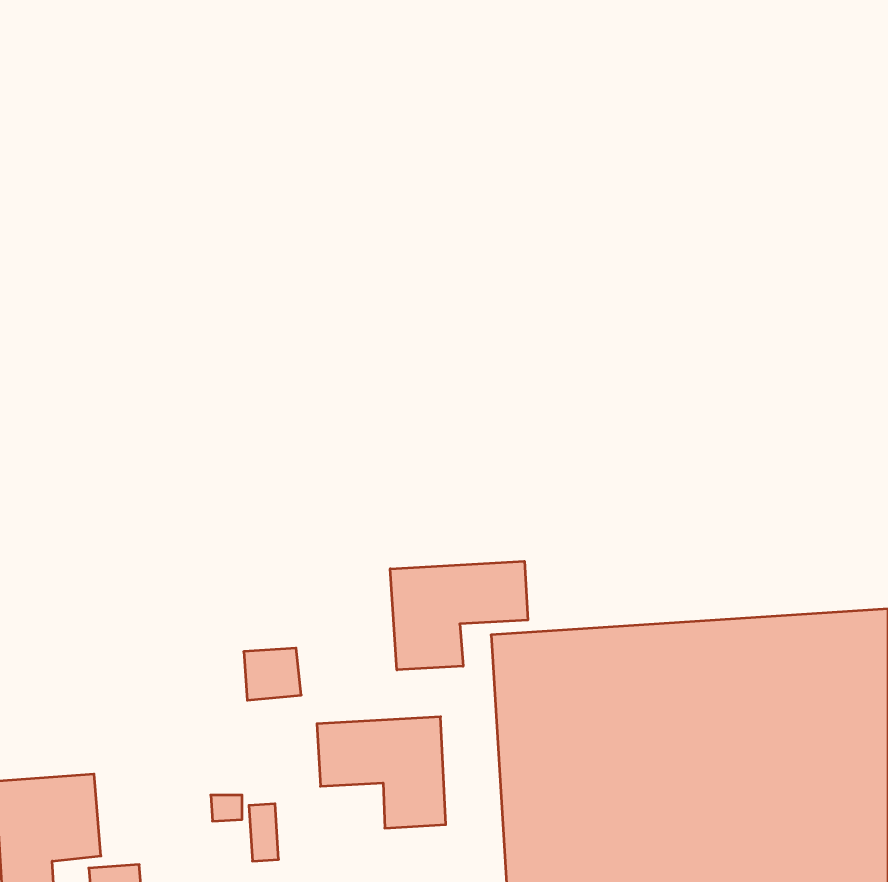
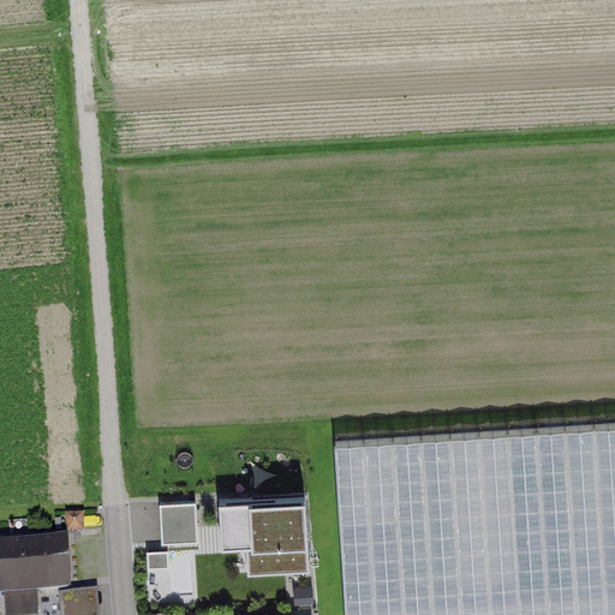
building: [390,561,528,670] -> none
building: [244,648,301,700] -> [160,509,199,545]

